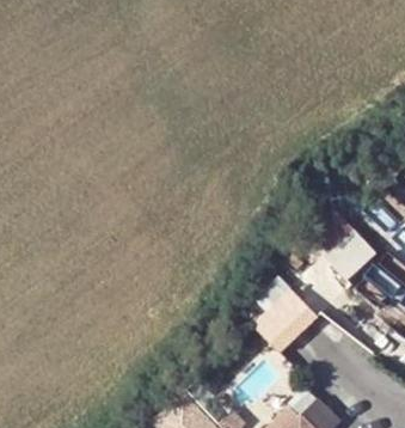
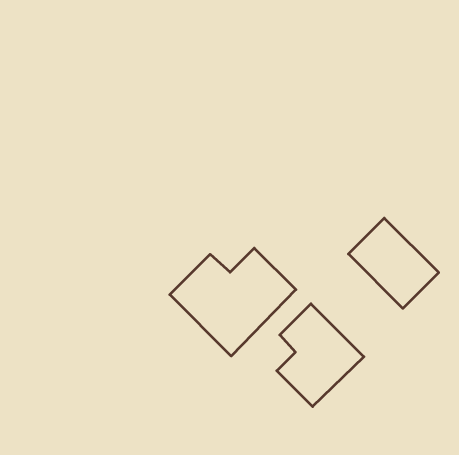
building: none -> [170,248,296,356]

